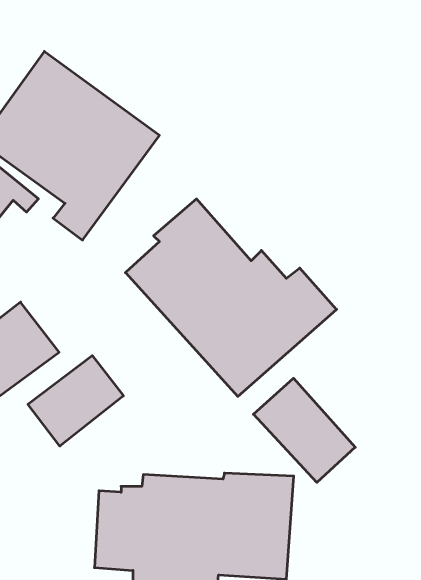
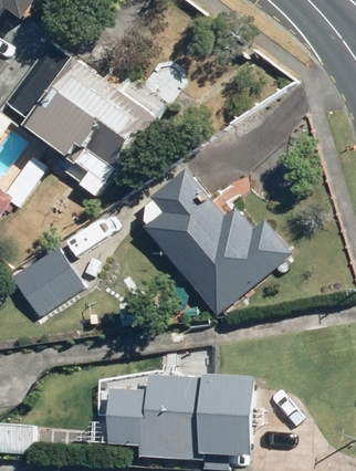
building: [28,356,123,446] -> none
building: [253,378,355,482] -> none

